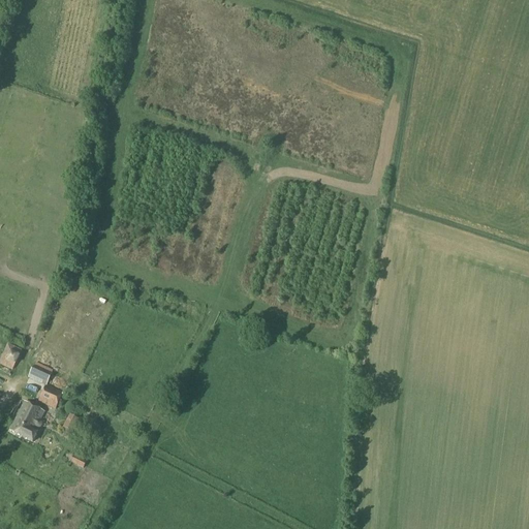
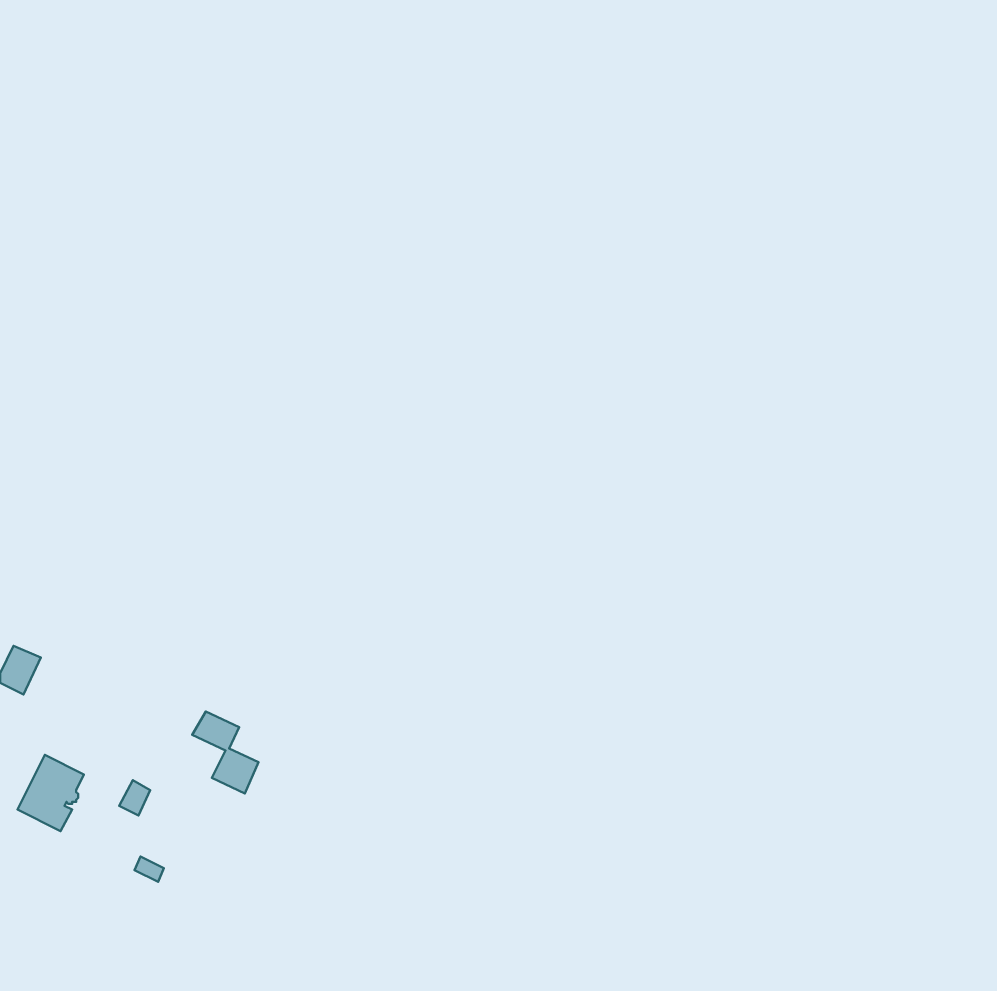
building: [28,364,63,407] -> [192,711,259,793]

